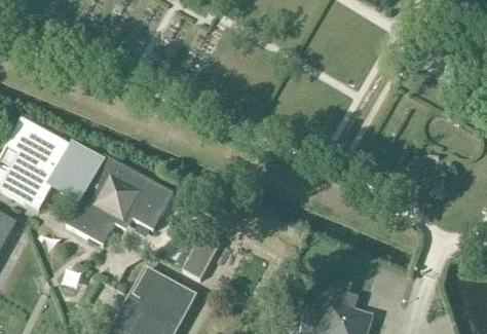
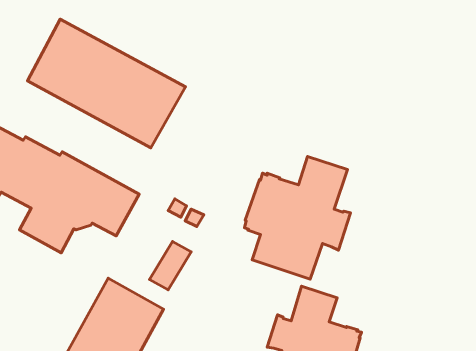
building: none -> [28,19,185,148]
building: none -> [245,157,350,279]

